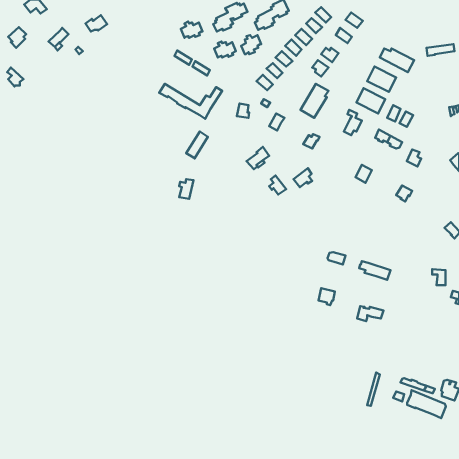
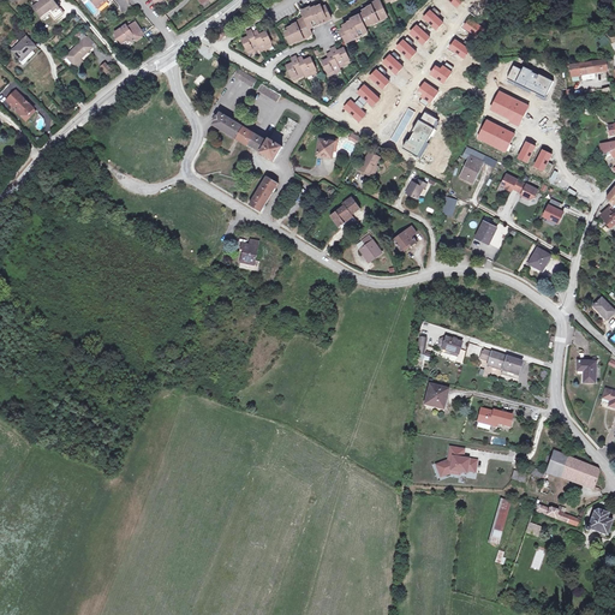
building: none -> [440,446,477,474]
building: [407,390,446,418] -> [547,450,598,488]

